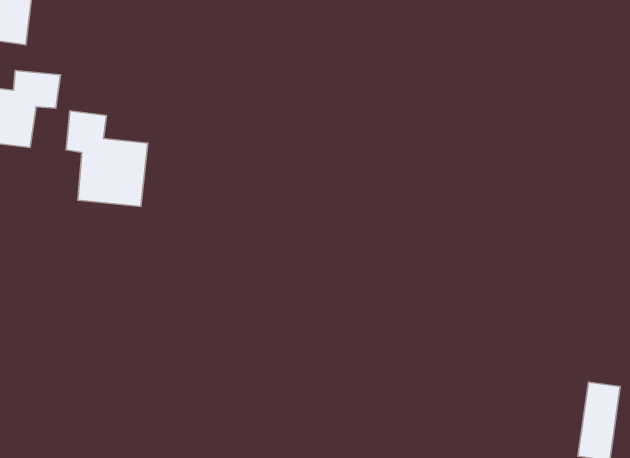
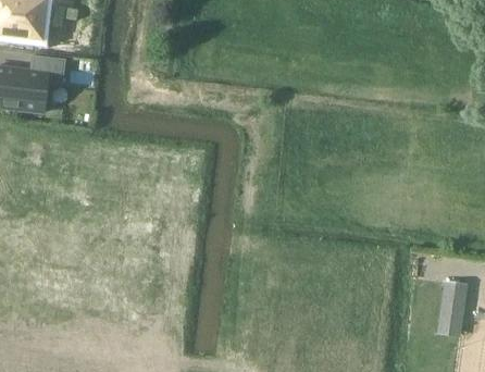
building: [66,111,148,207] -> none

